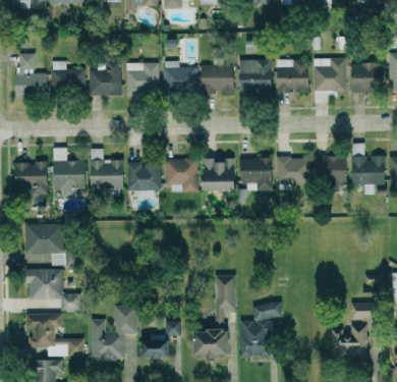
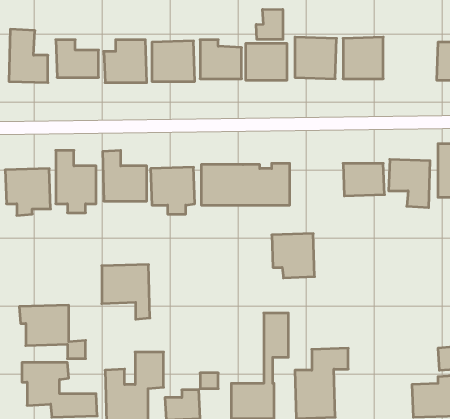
building: none -> [256,9,283,39]
building: [314,58,346,91] -> none
building: [239,157,273,192] -> [272,234,315,278]
building: [24,223,62,266] -> [102,265,150,319]

